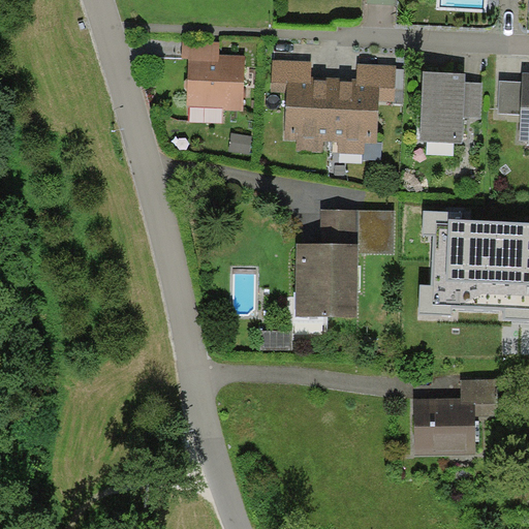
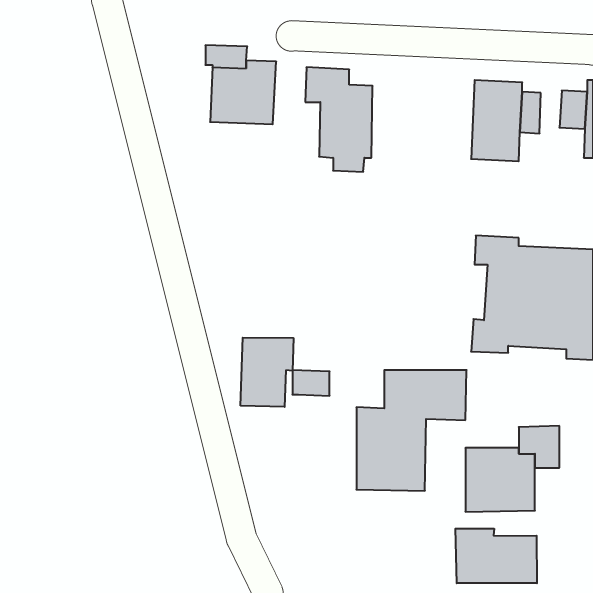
building: [331,64,397,153] -> none
building: [297,210,395,317] -> [356,370,467,491]
building: none -> [241,338,293,407]
building: none -> [455,529,537,583]

